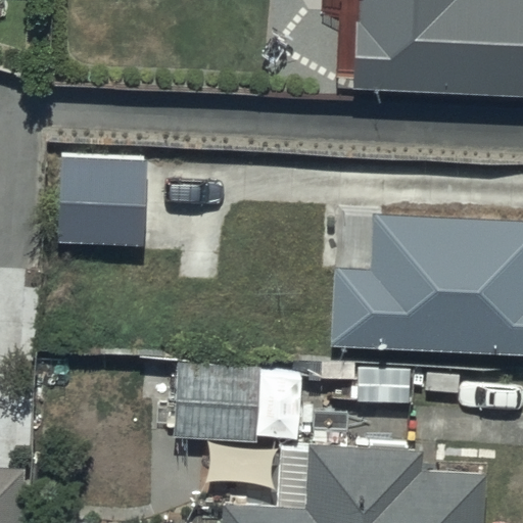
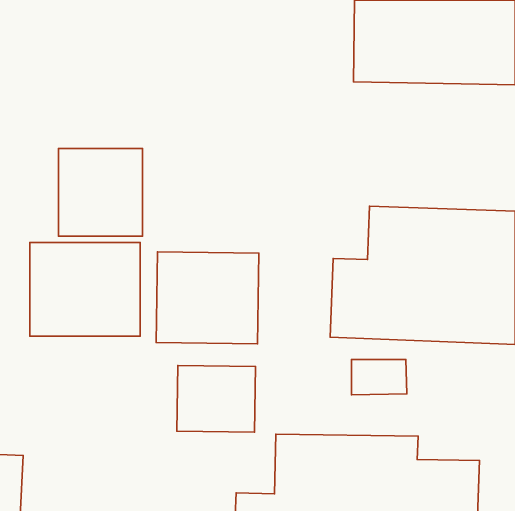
building: none -> [30,243,140,336]
building: none -> [156,252,259,344]

